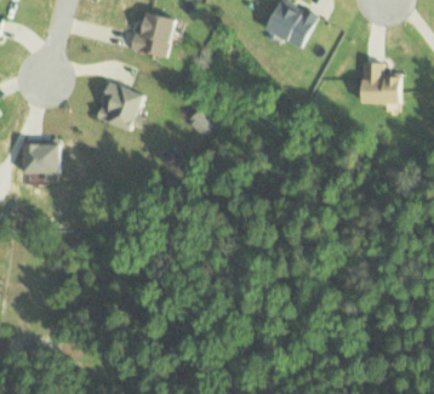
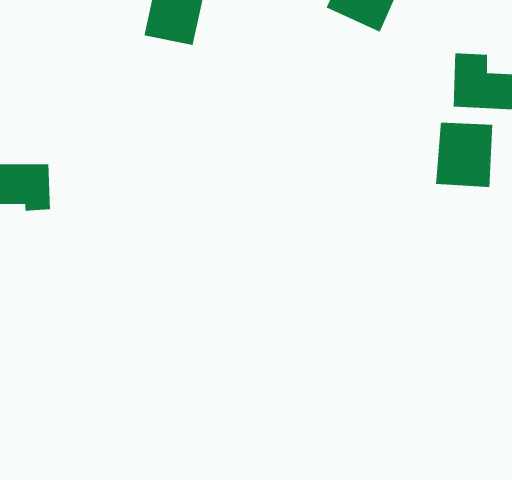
building: [92,79,149,132] -> none
building: none -> [435,122,493,188]

